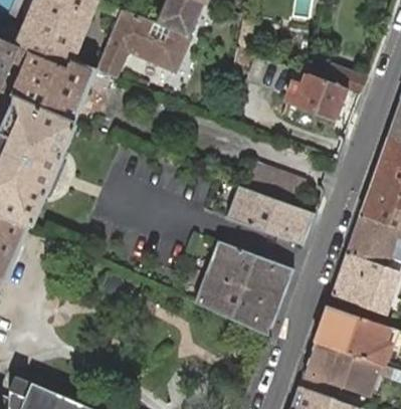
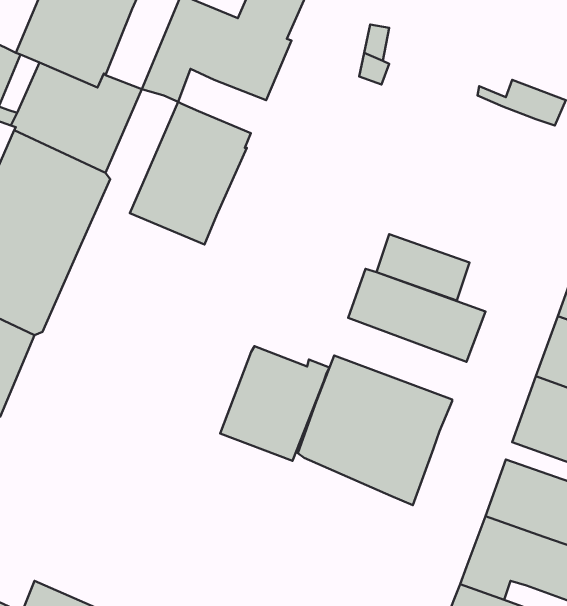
building: [286,69,347,119] -> none
building: none -> [130,102,251,244]
building: none -> [220,346,329,461]

